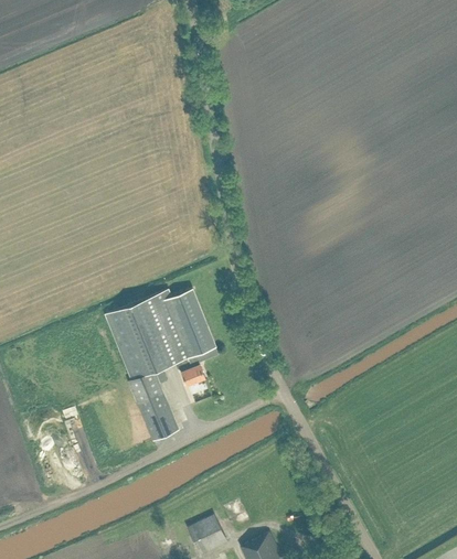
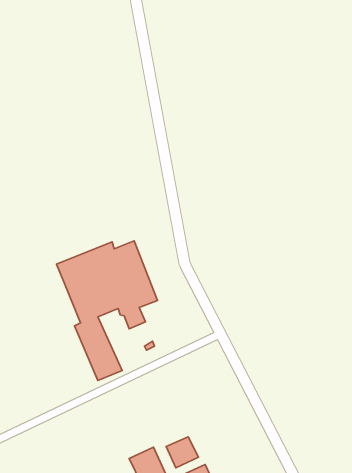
building: none -> [166,437,199,468]

